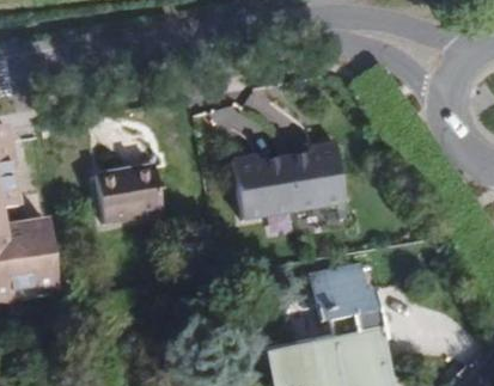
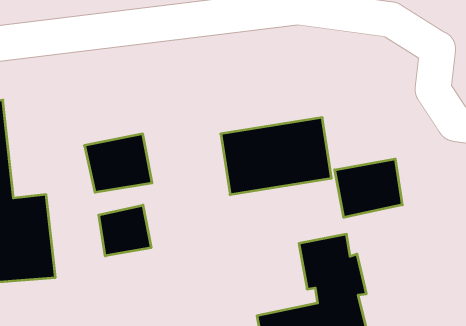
building: none -> [335,159,402,217]
building: none -> [99,205,151,256]

